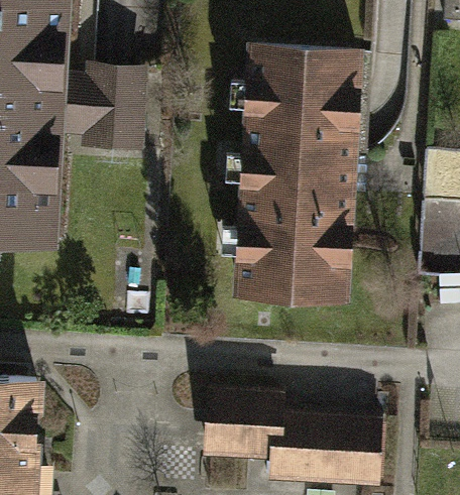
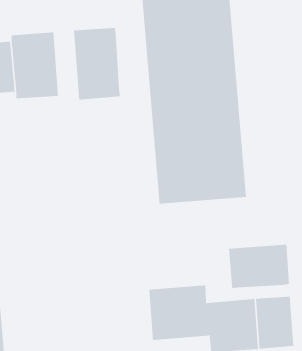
building: none -> [73,27,120,100]
building: none -> [228,244,289,289]

